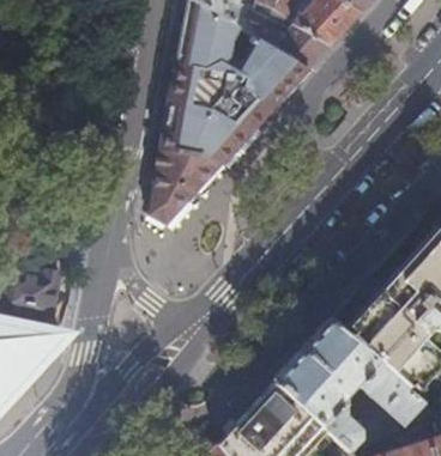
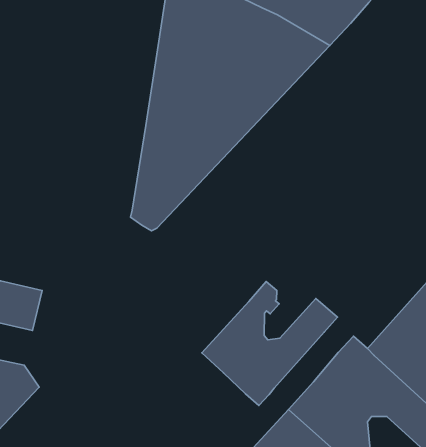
building: none -> [202,282,338,406]

